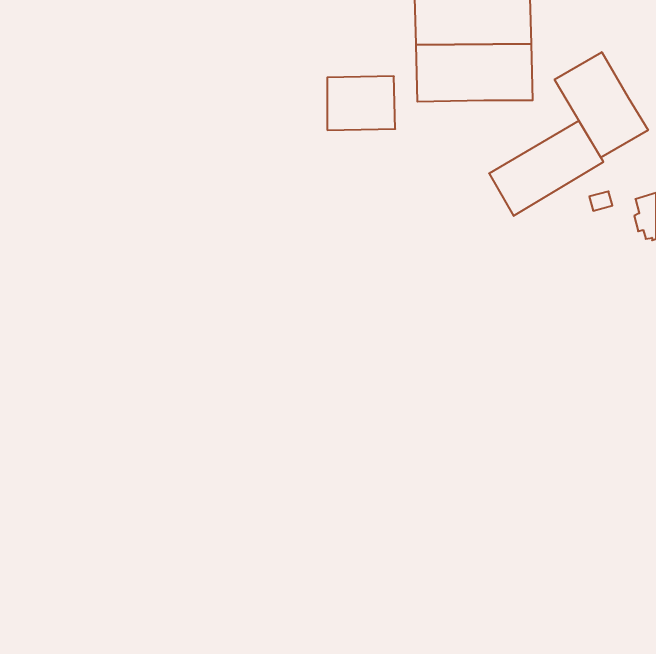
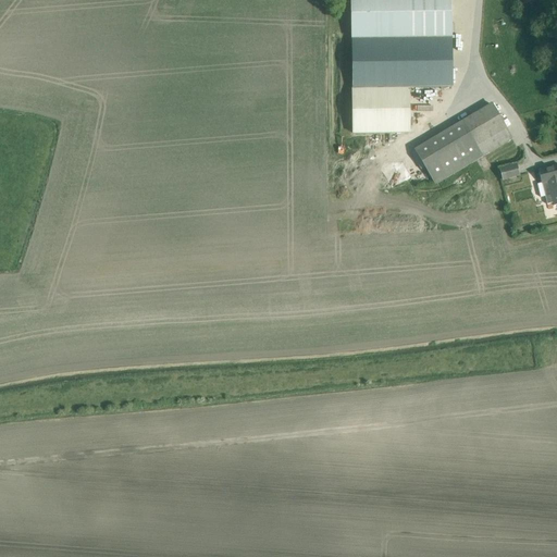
building: [555,52,648,158] -> none
building: [327,76,395,130] -> [354,85,411,131]

